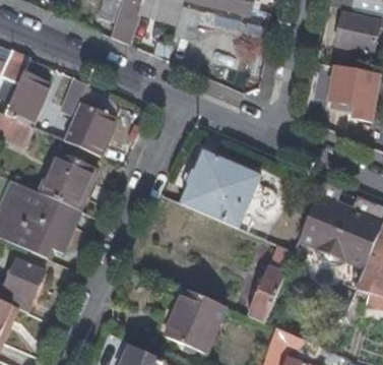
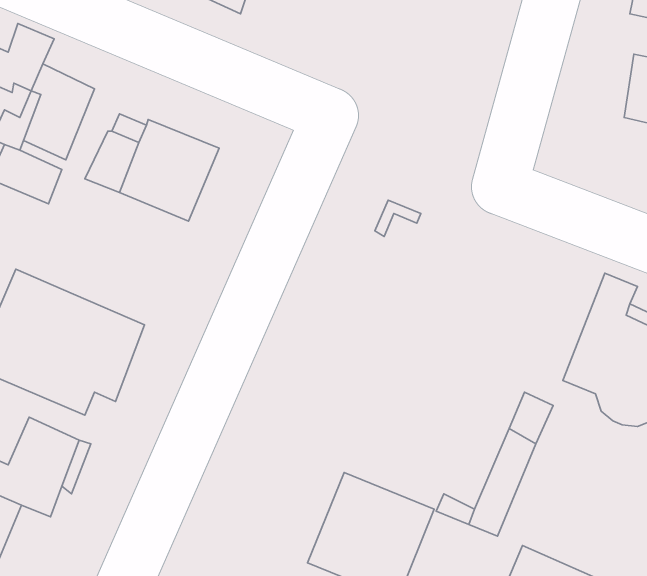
building: [40,151,94,209] -> none
building: [184,155,277,231] -> none

